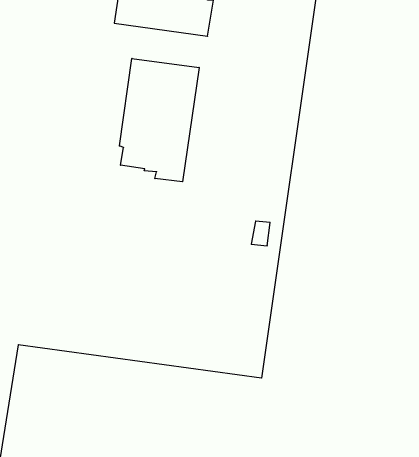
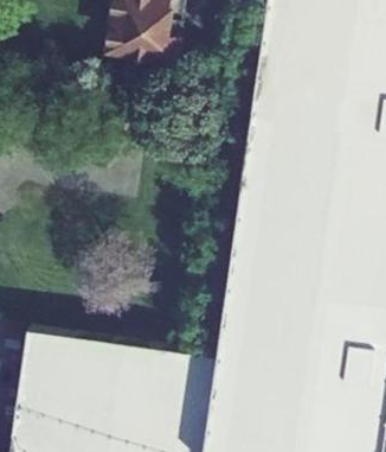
building: [119,58,199,182] -> none

